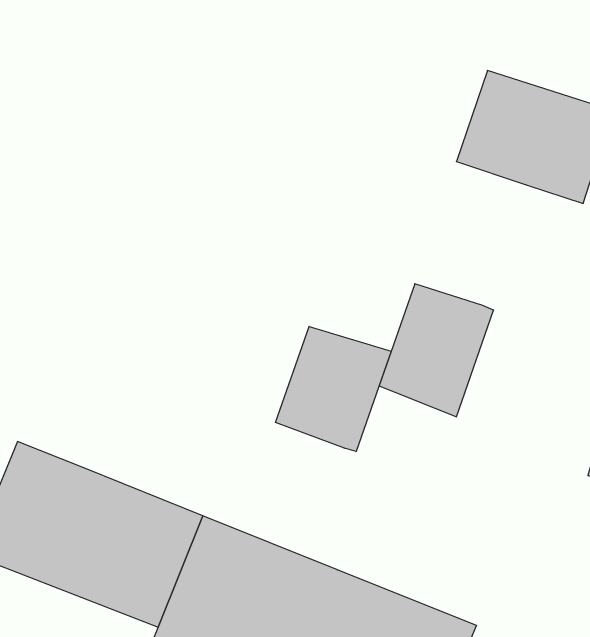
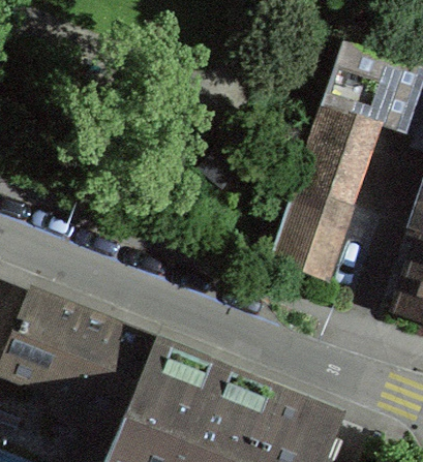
building: none -> [300,110,374,206]
building: [276,326,391,452] -> none

